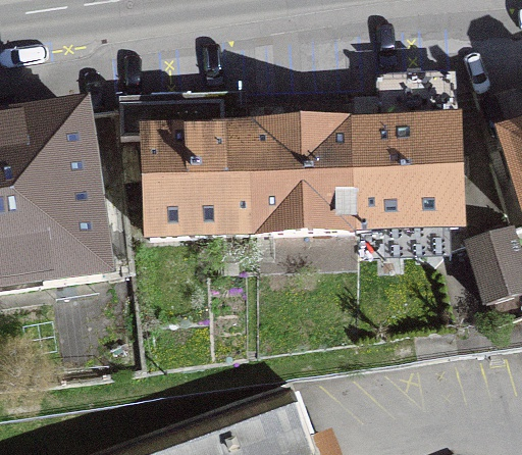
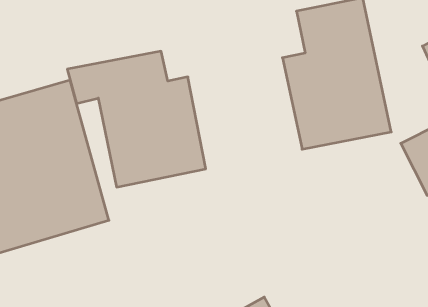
building: [245,128,356,235] -> none

